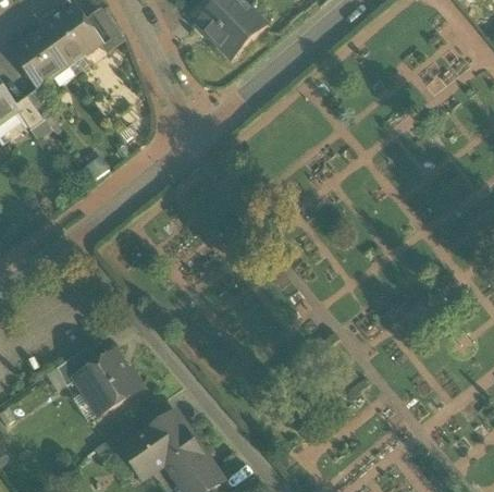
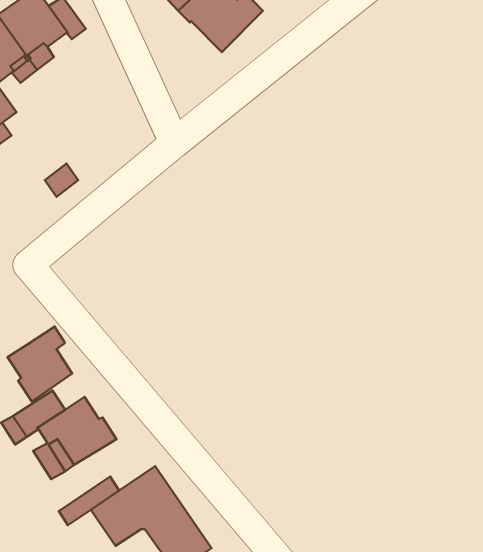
building: none -> [8,327,72,402]

